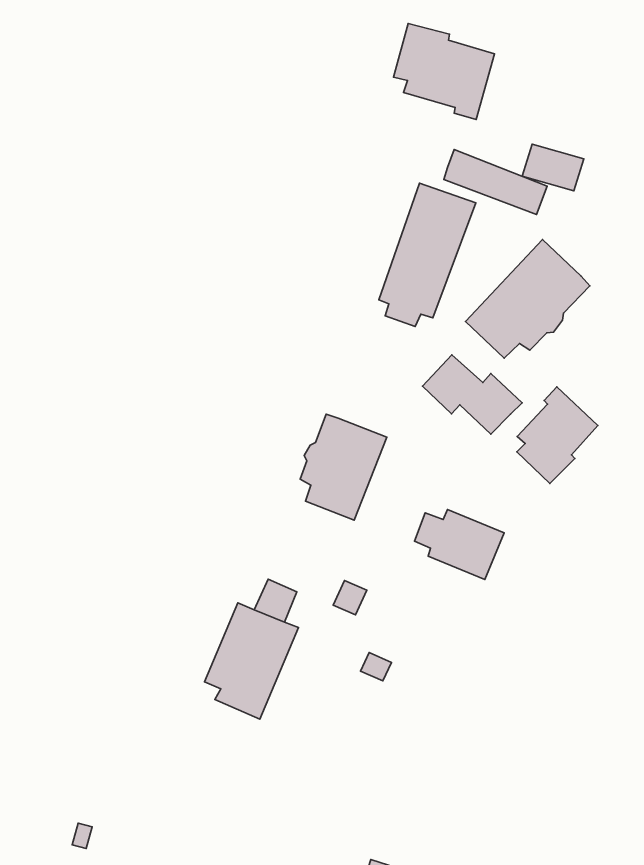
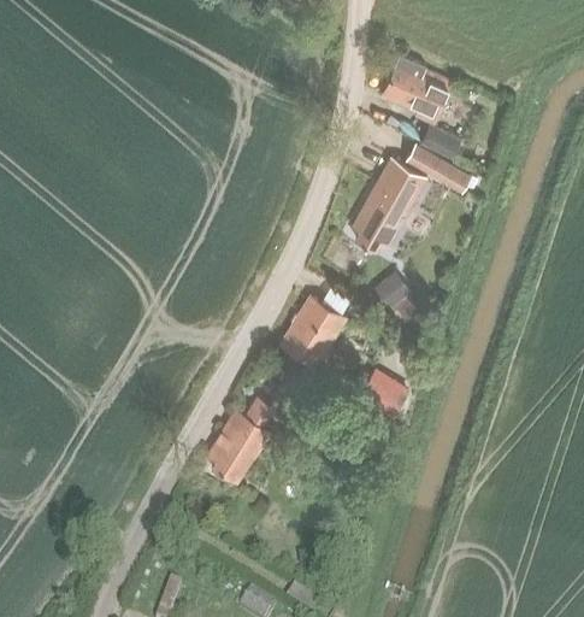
building: [522,144,584,191] -> [419,124,460,158]
building: [465,240,590,358] -> none
building: [517,387,598,484] -> none

